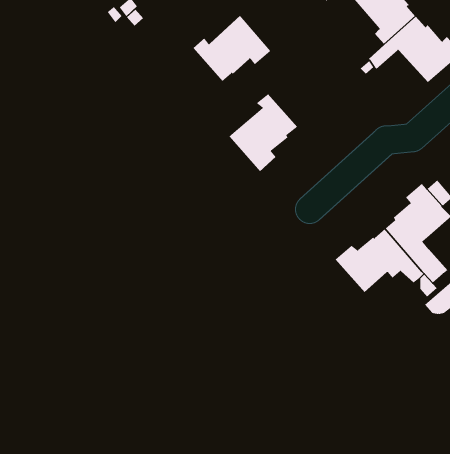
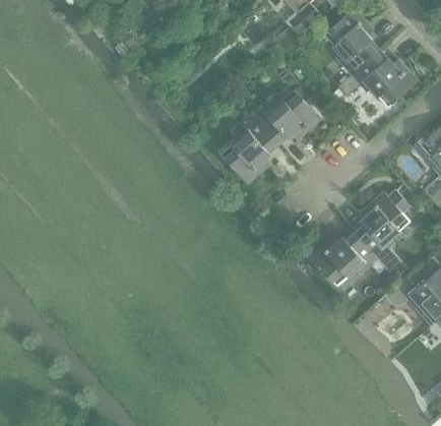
building: [192,15,271,82] -> [253,87,320,144]

